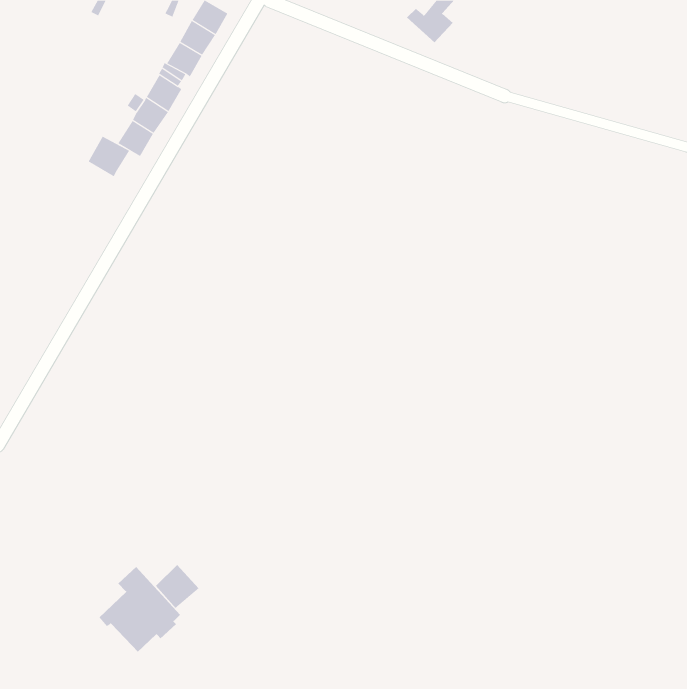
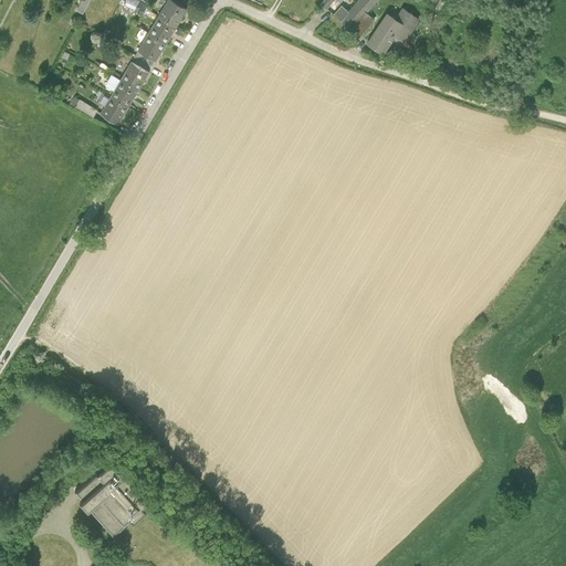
building: none -> [366,9,417,53]
building: [88,136,130,177] -> none
building: [155,564,199,609] -> none

